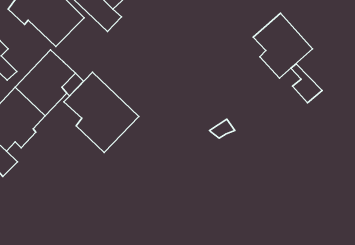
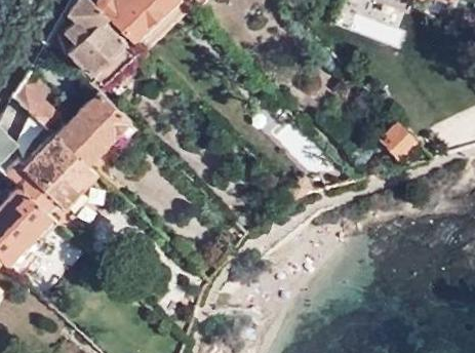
building: [253,13,313,78] -> none
building: [64,72,139,152] -> none

